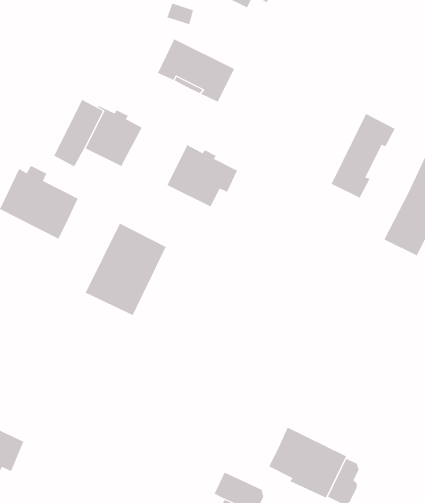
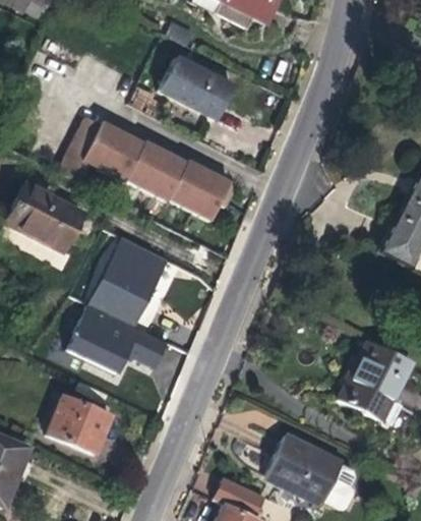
building: [331,113,396,198] -> none
building: none -> [126,141,187,200]
building: none -> [66,304,169,374]
building: none -> [339,341,414,422]
building: none -> [48,397,111,454]

